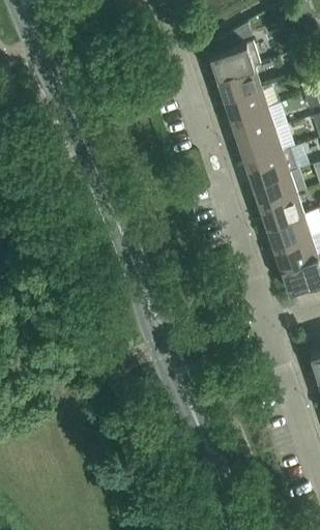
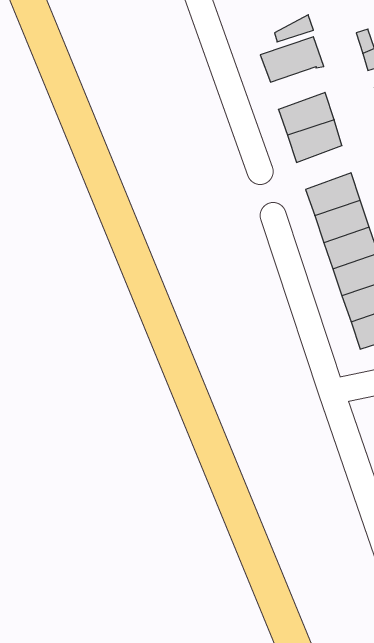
building: [217,65,261,99] -> none
building: [238,126,294,164] -> none

